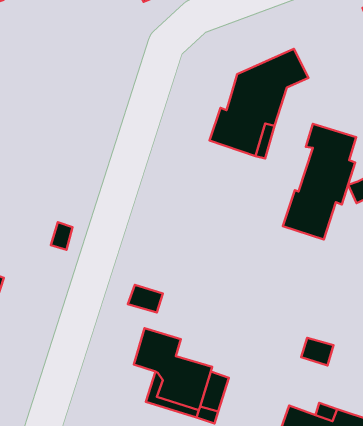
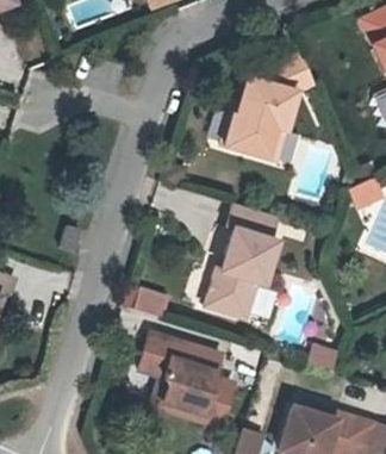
building: [283,124,356,240] -> [206,204,279,318]

